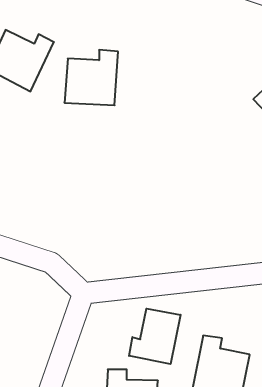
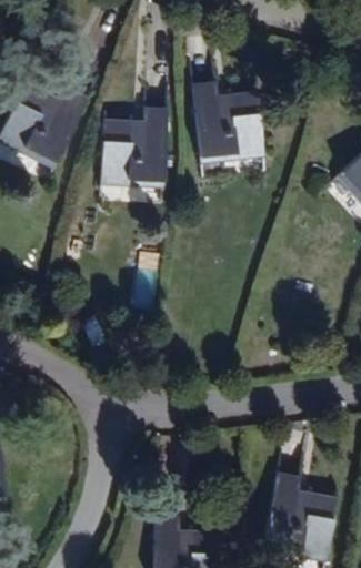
building: none -> [192,87,263,159]
building: [129,309,181,364] -> none

